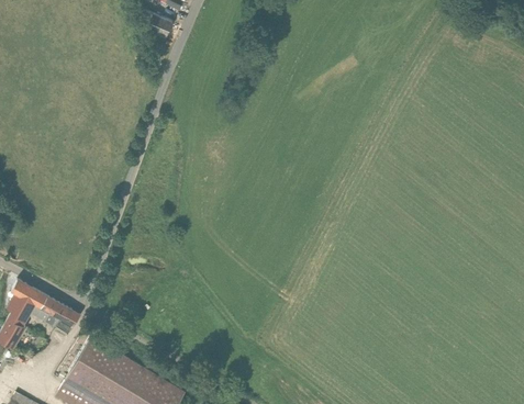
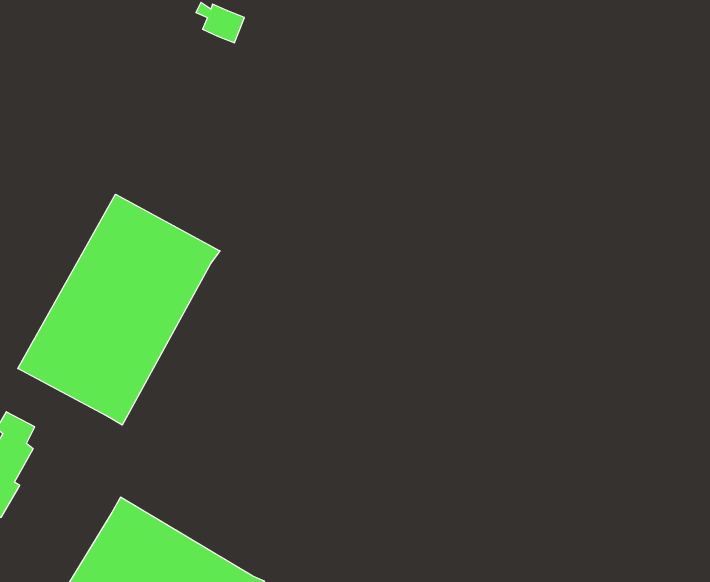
building: none -> [18,194,220,425]
building: [22,289,80,335] -> none

